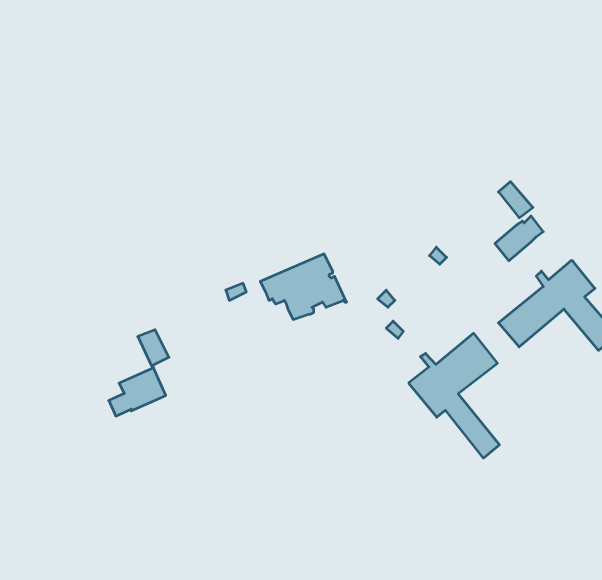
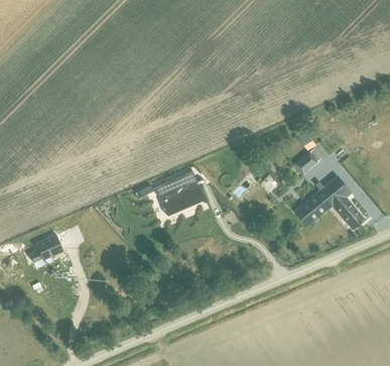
building: [409,333,499,458] -> none
building: [109,368,166,416] -> [29,235,62,263]

